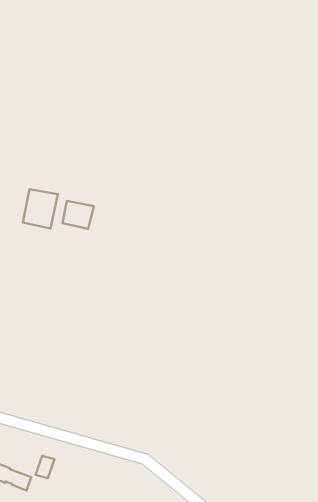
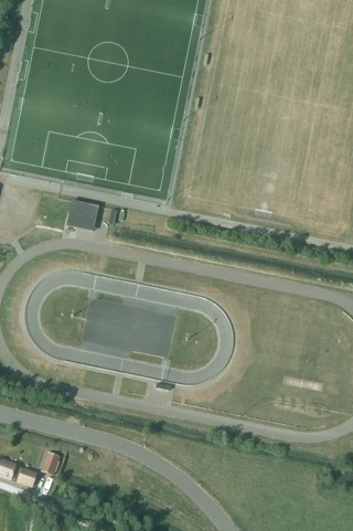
building: [23,189,58,228] -> none

